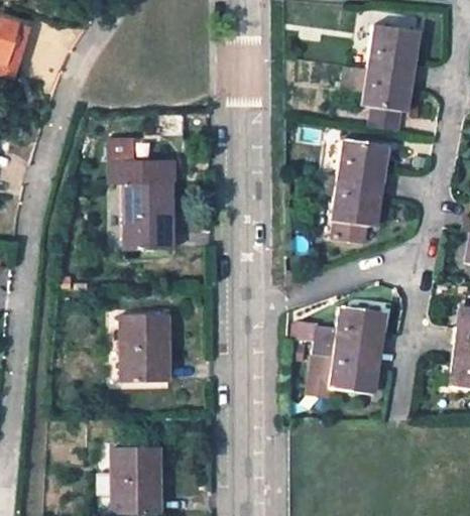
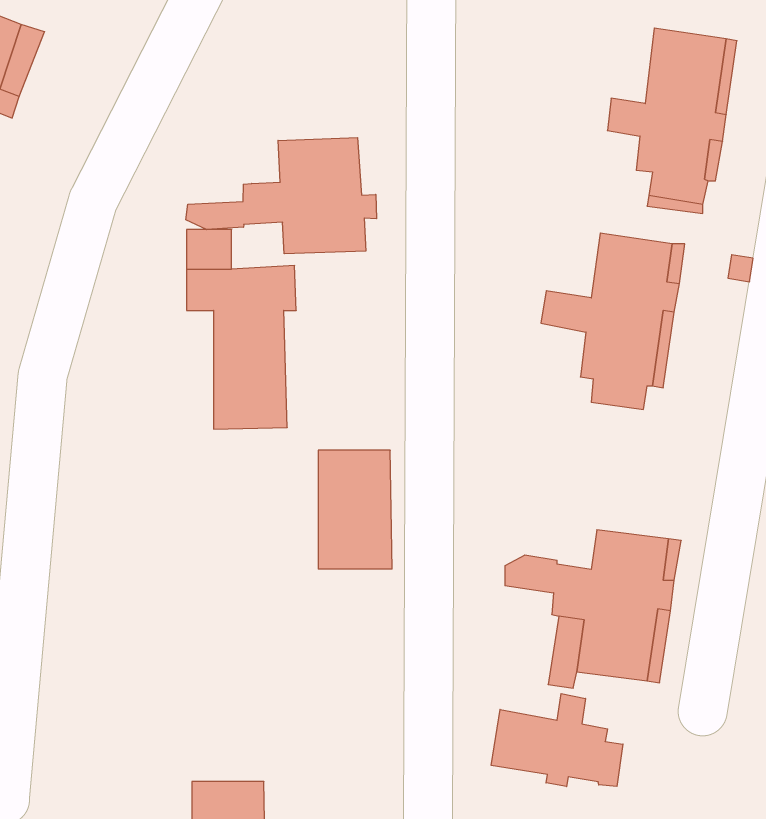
building: none -> [186,138,376,254]
building: [123,314,164,381] -> [318,450,392,569]
building: none -> [491,694,623,787]

